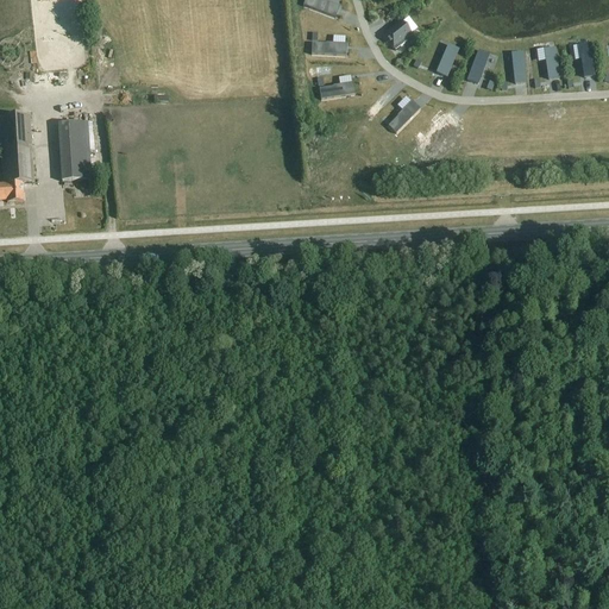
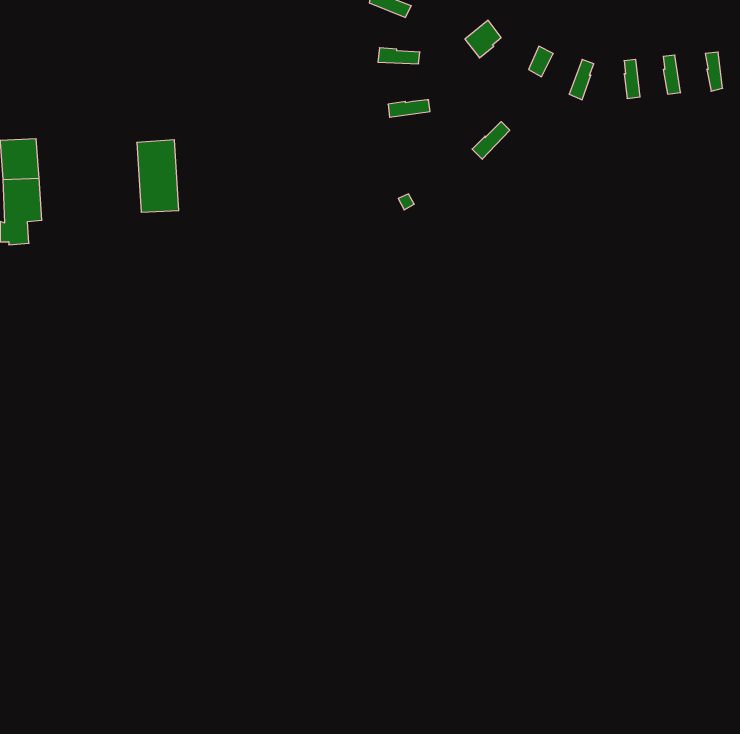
building: [57,119,92,178] -> [137,140,179,212]

